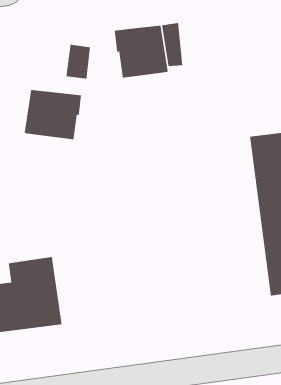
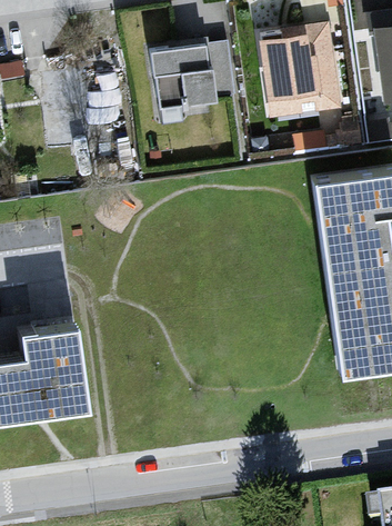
building: none -> [259,26,342,122]
building: [24,89,82,140] -> none

